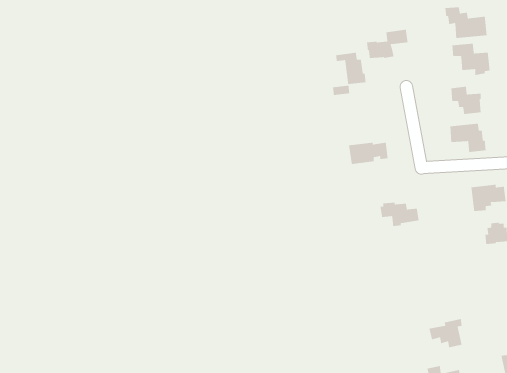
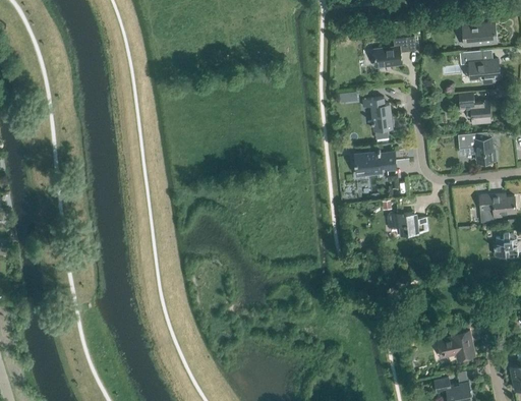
building: [335,52,366,85] -> [362,97,394,130]

